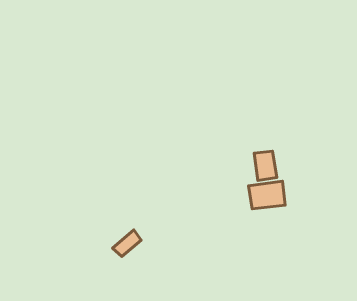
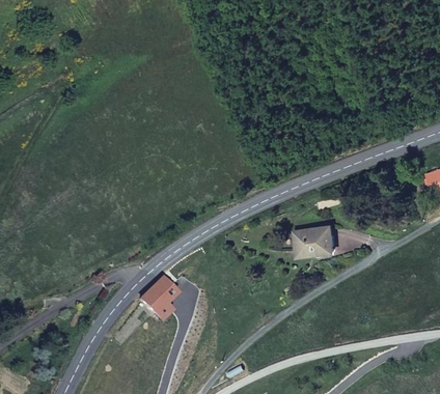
building: [254,151,277,180] -> none

